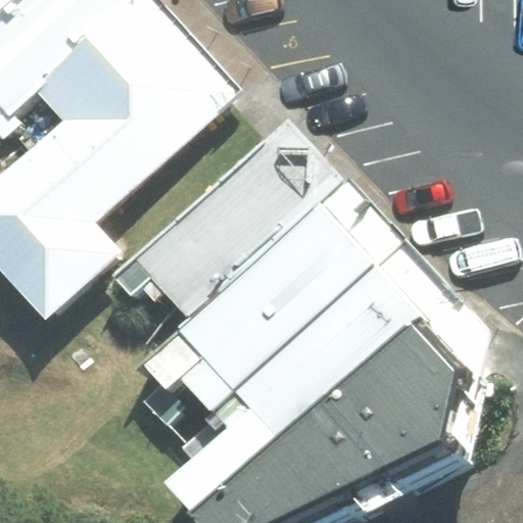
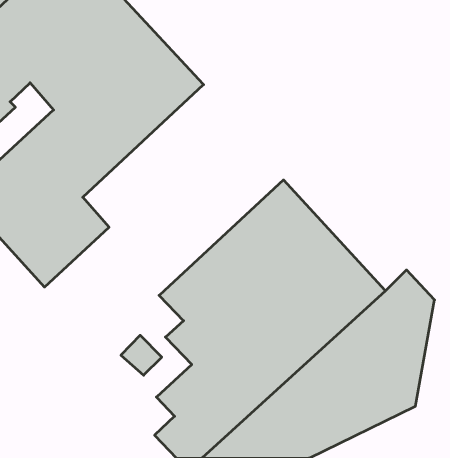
building: [115,120,343,322] -> none

